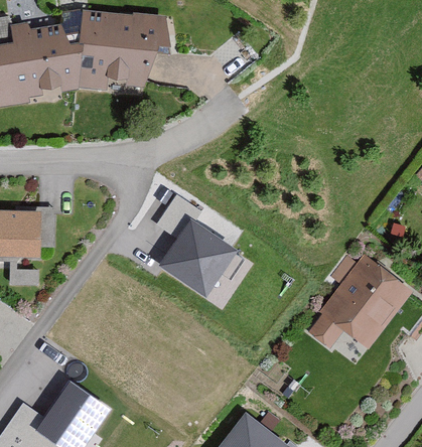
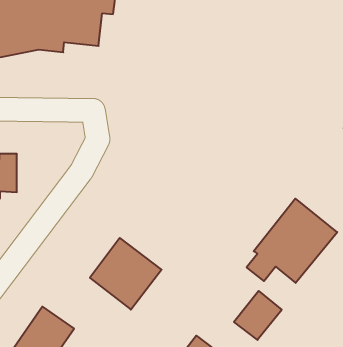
building: [163,206,243,286] -> [90,238,162,310]
building: none -> [234,291,282,340]

